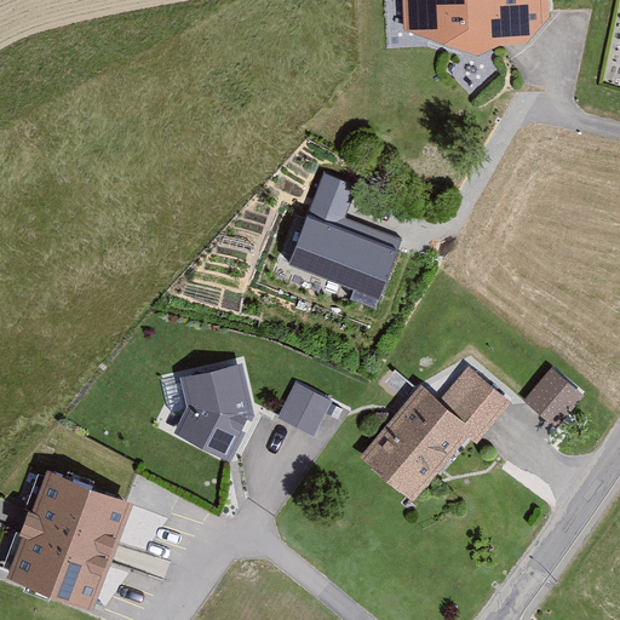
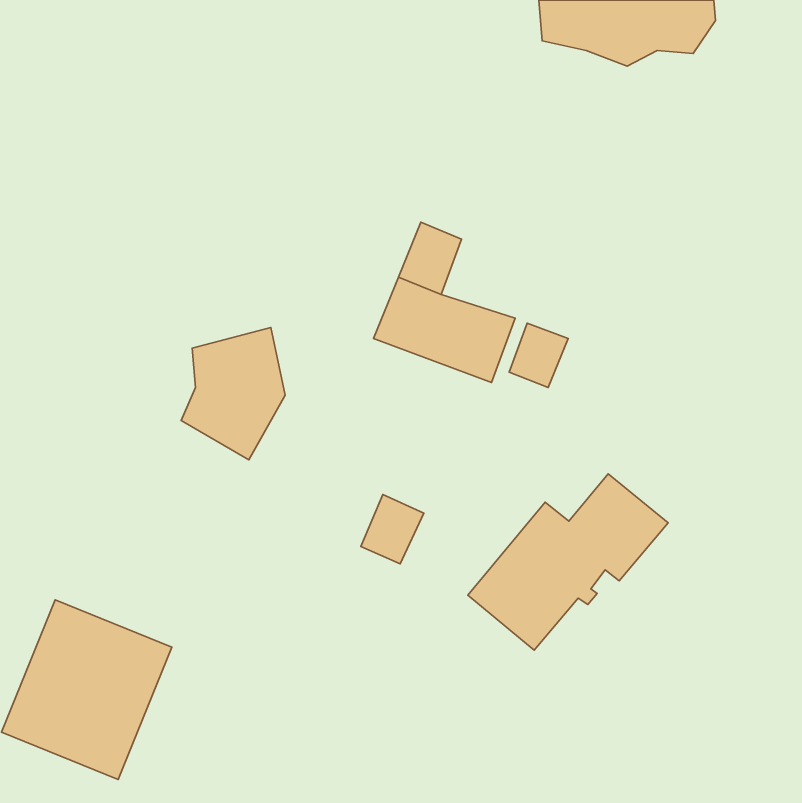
building: none -> [509,323,568,387]
building: [172,360,252,461] -> [181,328,285,460]
building: [523,369,581,427] -> none

